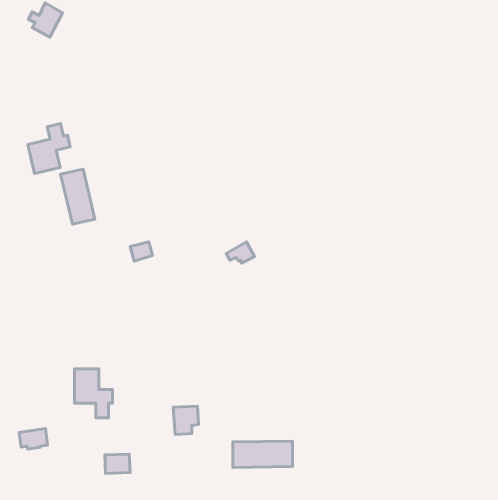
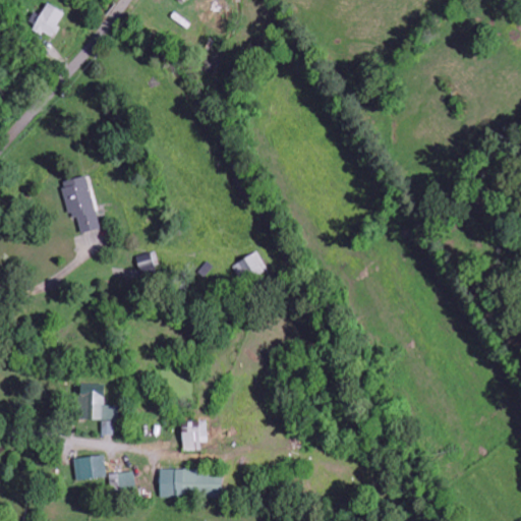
building: [28,124,70,174] -> none
building: [19,429,47,449] -> [74,455,104,476]
building: [233,441,292,467] -> [159,469,221,497]

